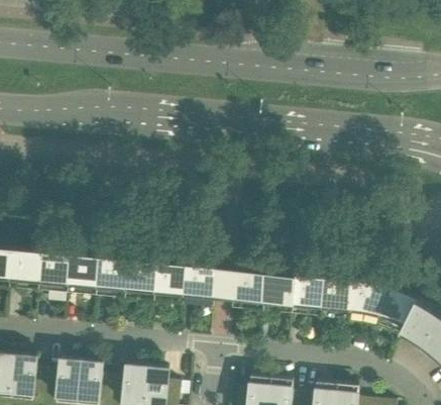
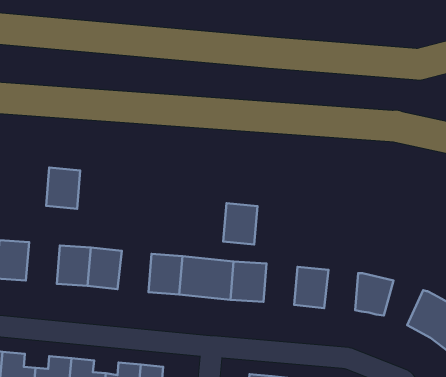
building: [38,249,71,289] -> [46,167,80,209]
building: [125,258,157,297] -> none
building: [263,270,296,309] -> [223,203,257,245]
building: [321,276,353,314] -> none
building: [377,286,415,328] -> none

